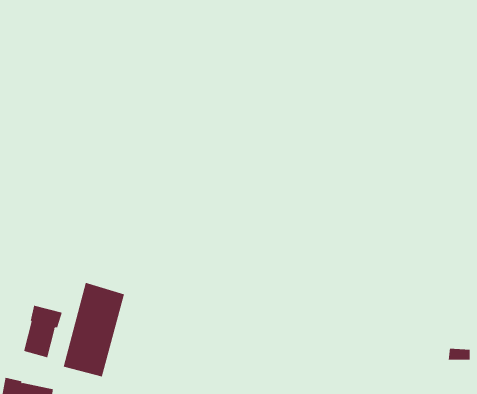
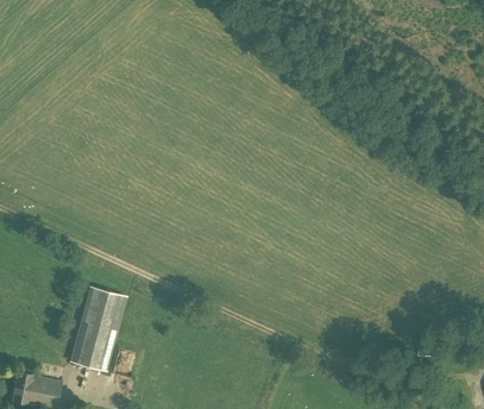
building: [23,305,62,358] -> none

